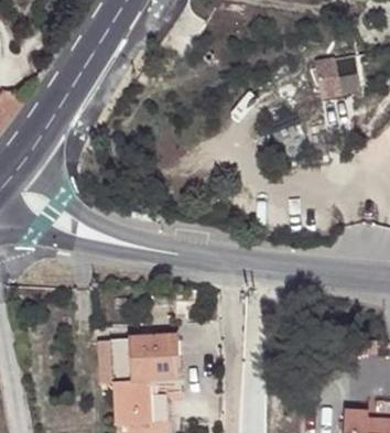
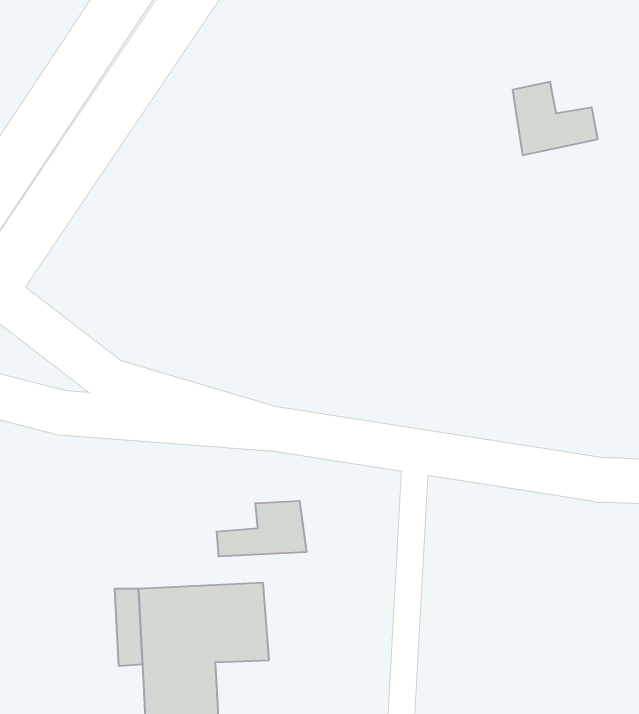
building: none -> [217,501,306,557]

